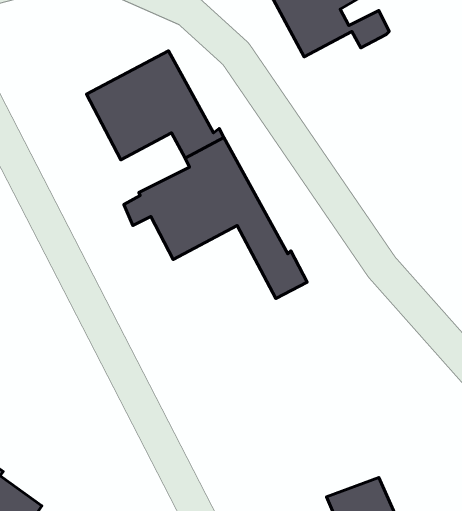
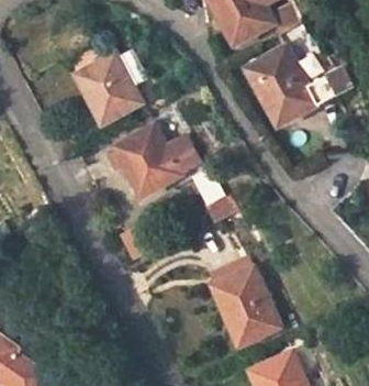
building: none -> [246,29,331,125]
building: none -> [214,269,275,343]

